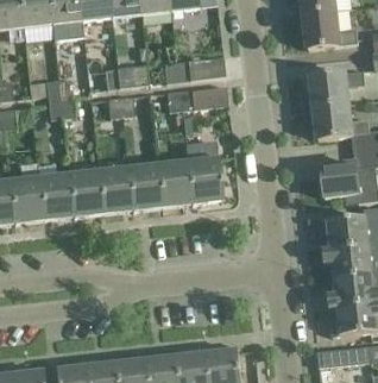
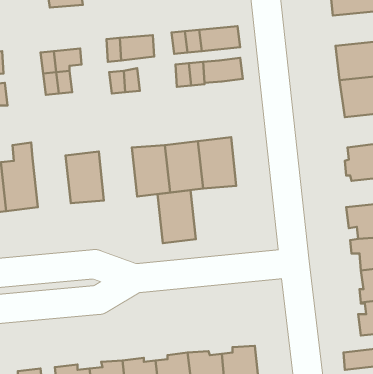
building: [96,167,131,214] -> [157,190,196,243]
building: [37,174,71,220] -> none

